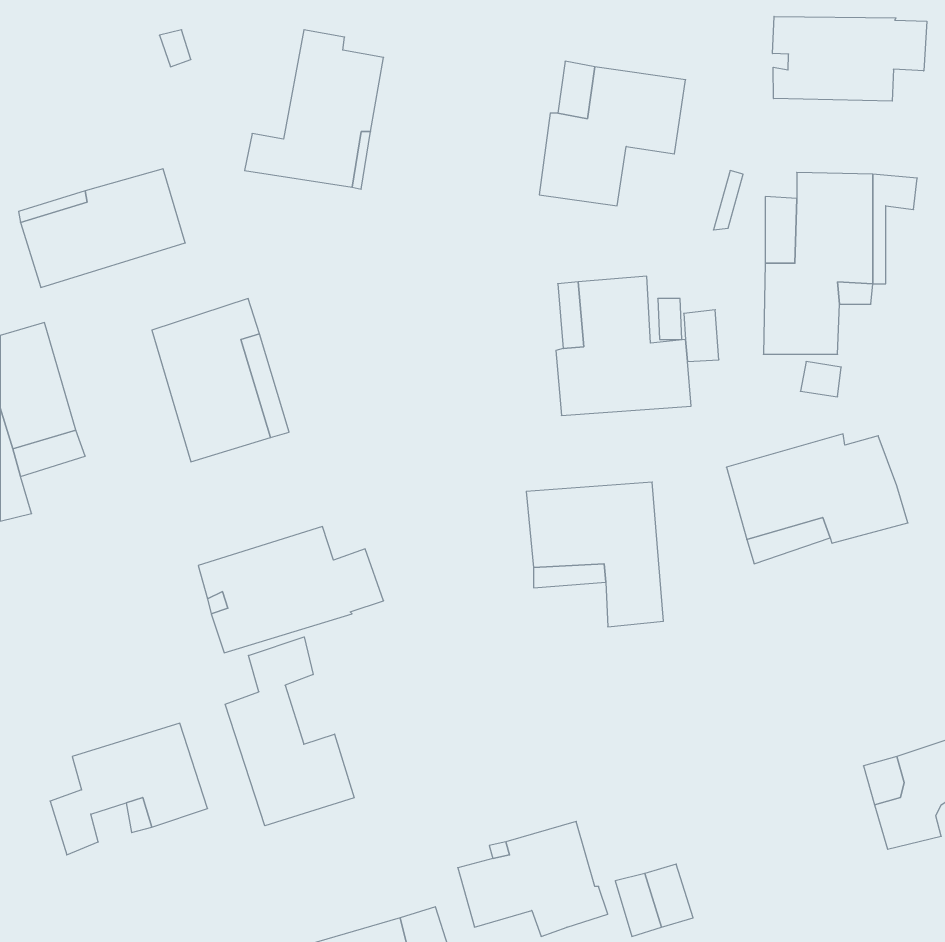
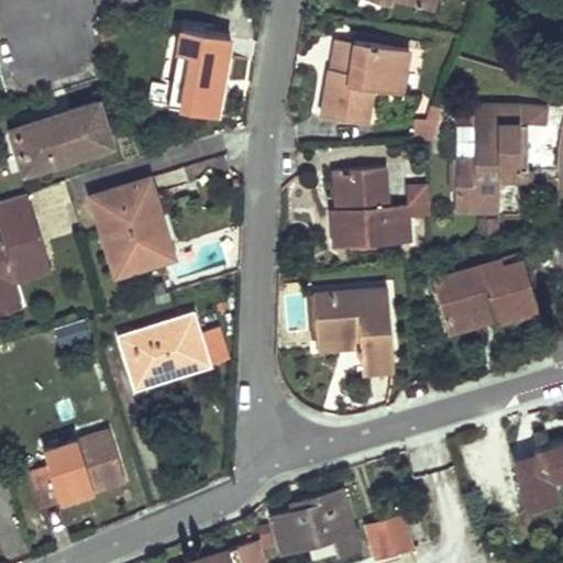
building: [773,16,927,101] -> none
building: [225,637,354,826] -> none

